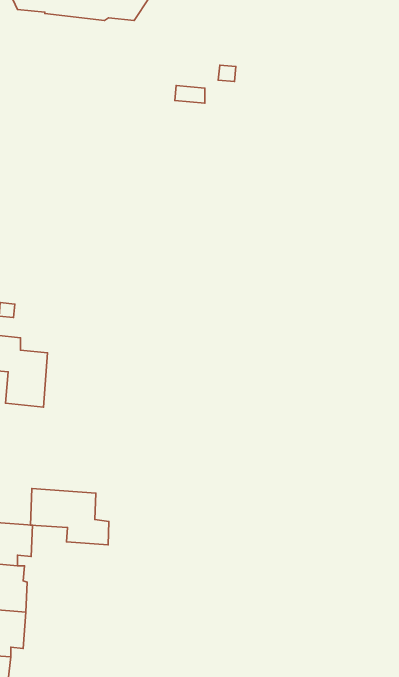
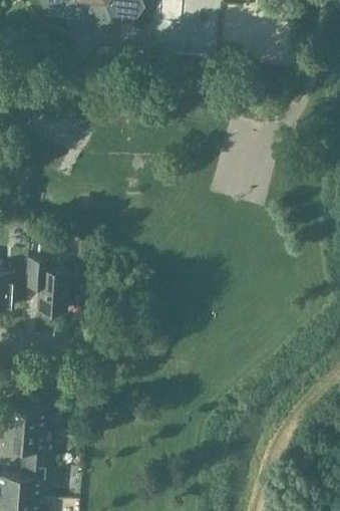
building: [31,488,109,545] -> none

